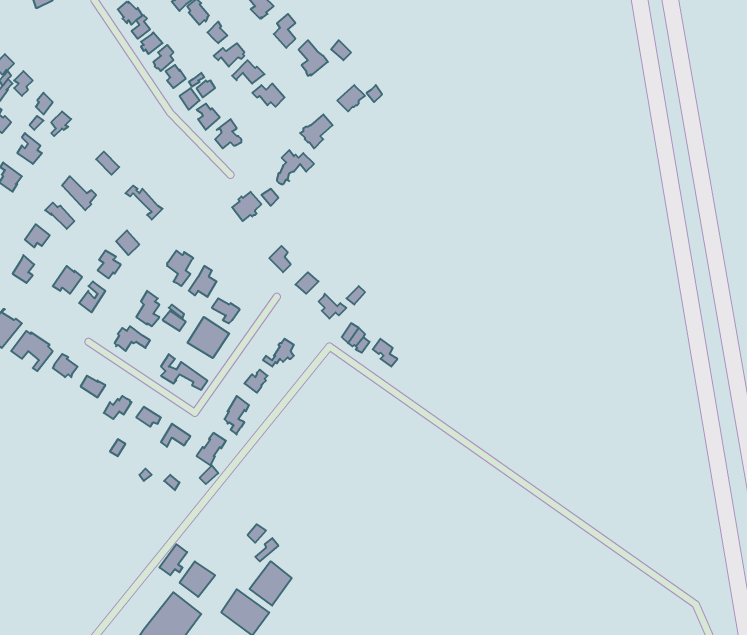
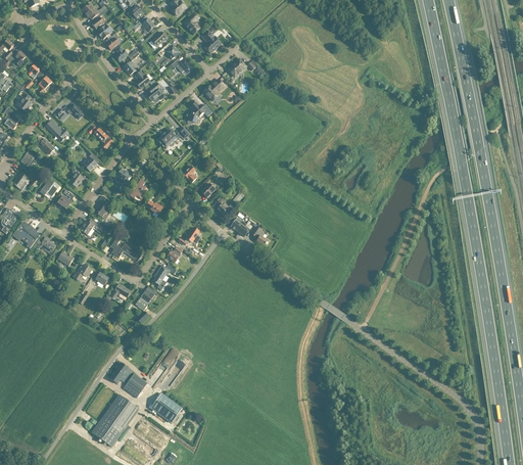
building: [188,317,229,358] -> none
building: [250,561,292,606] -> none

